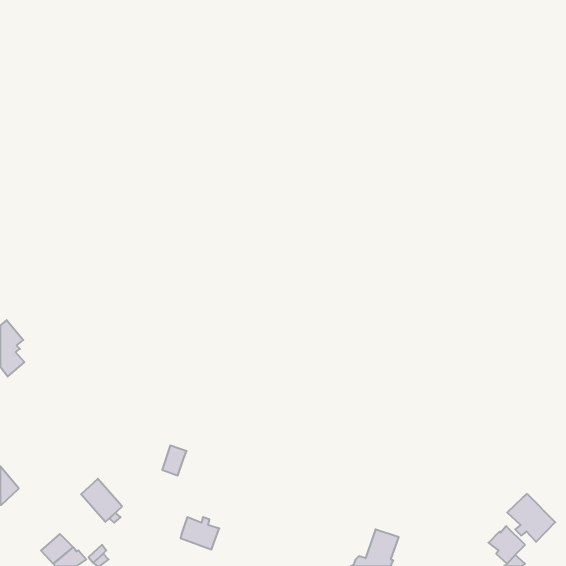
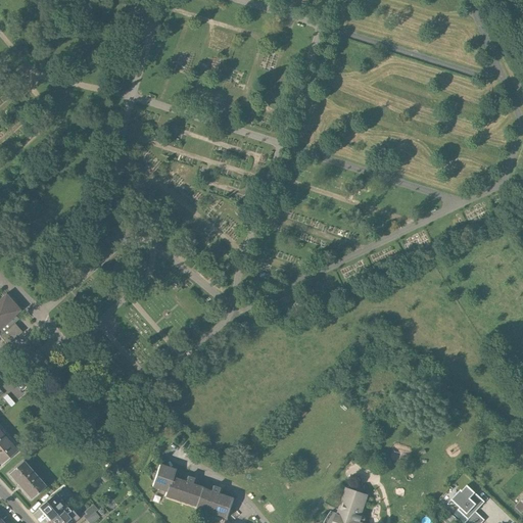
building: [162,446,187,475] -> [153,465,176,492]
building: [81,479,122,522] -> [8,460,46,500]
building: [507,494,555,542] -> none
building: none -> [195,487,233,517]

